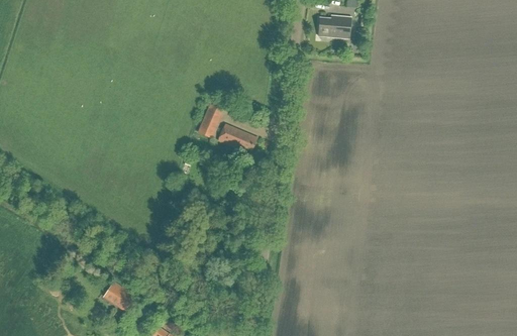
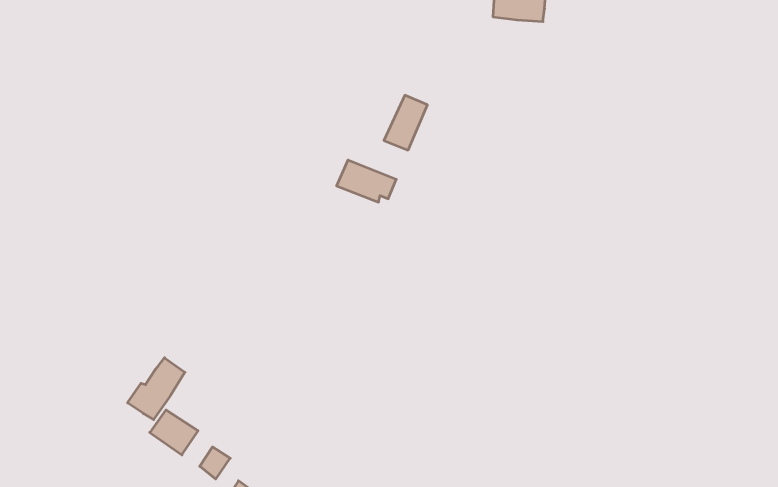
building: [197,103,224,137] -> [384,95,427,150]
building: none -> [128,358,185,420]

